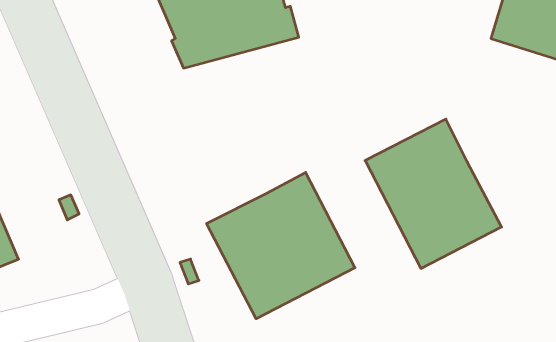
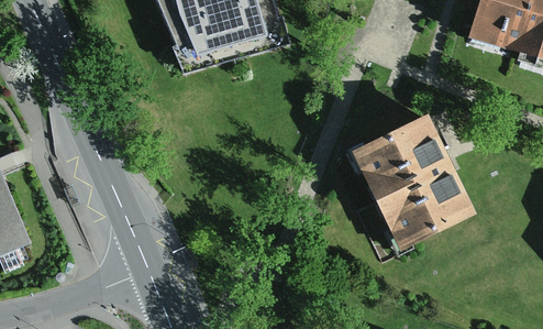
building: [207,172,355,319] -> none

